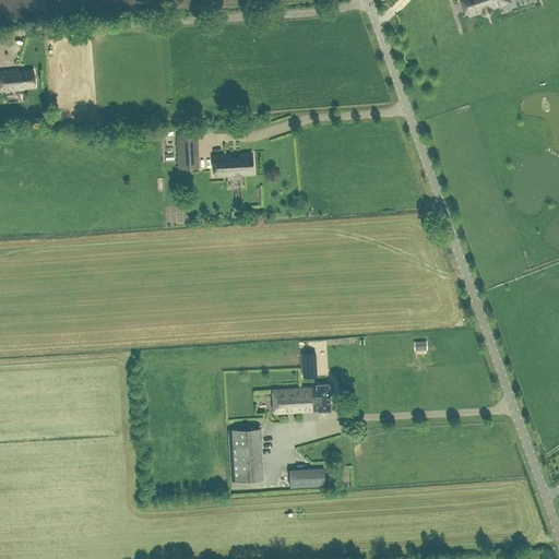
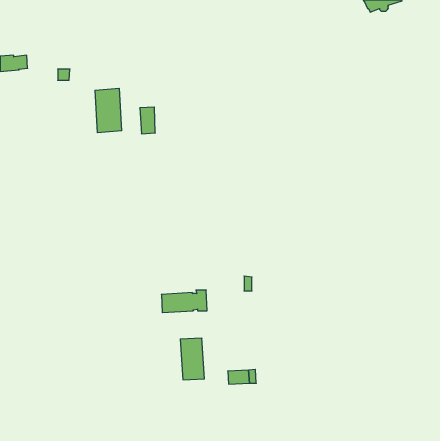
building: none -> [95,88,122,133]
building: [214,153,253,176] -> none
building: [273,384,331,413] -> [161,290,207,313]

